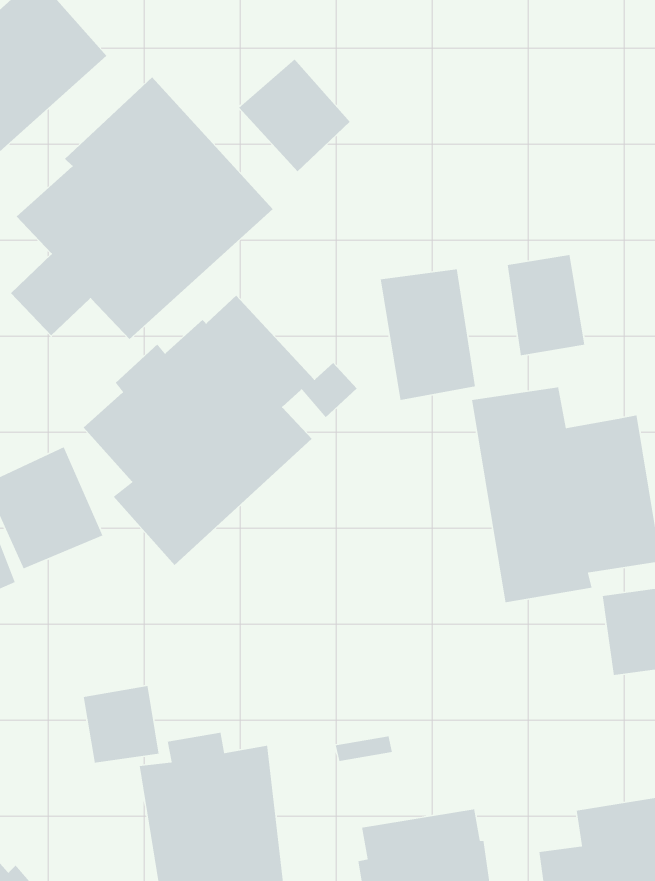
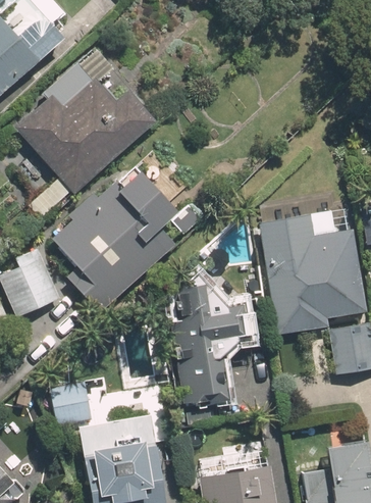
building: [238,59,351,172] -> none
building: [507,254,585,356] -> none
building: [380,269,476,401] -> none
building: none -> [166,272,252,405]

